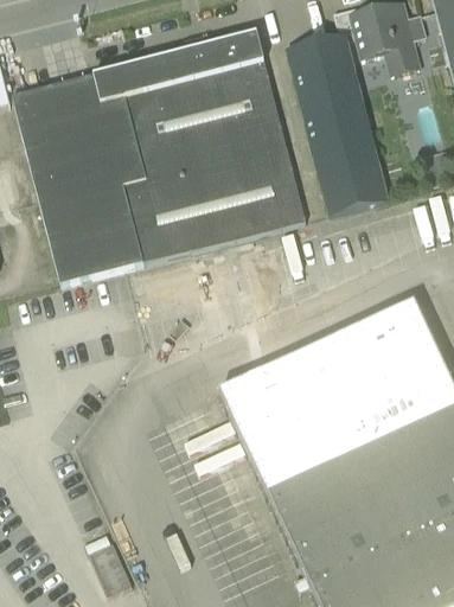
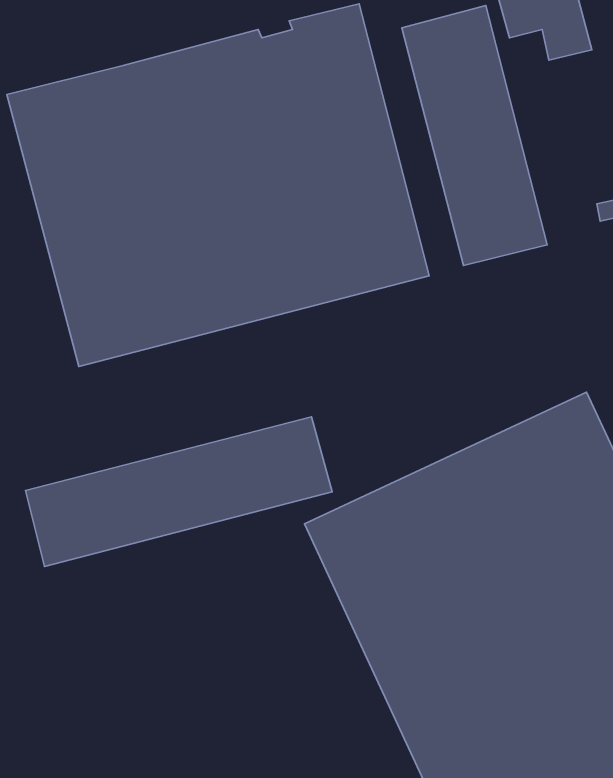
building: none -> [26,417,332,566]

